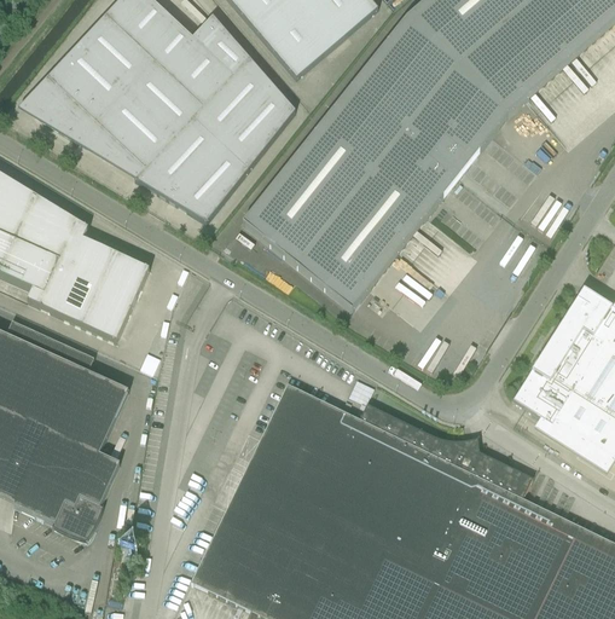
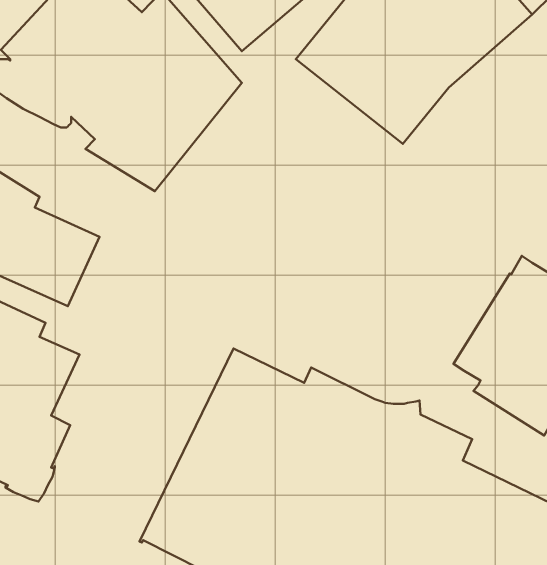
building: [242,86,460,310] -> none

